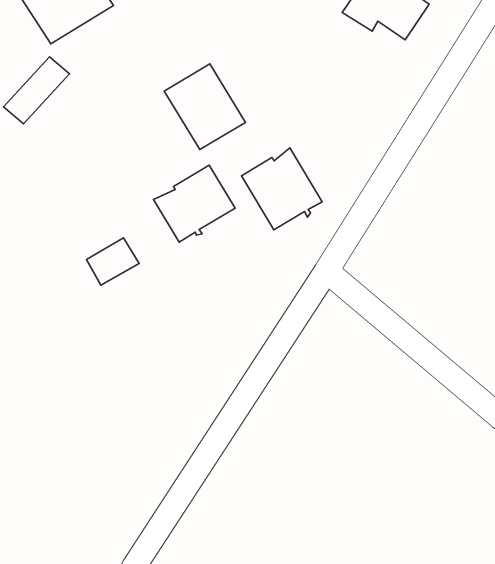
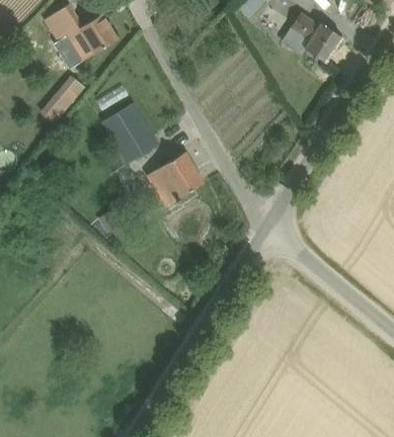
building: [164,64,246,150] -> [101,103,159,164]
building: [241,148,322,230] -> none

